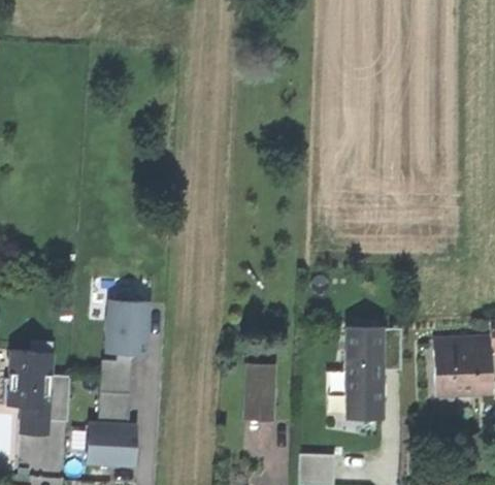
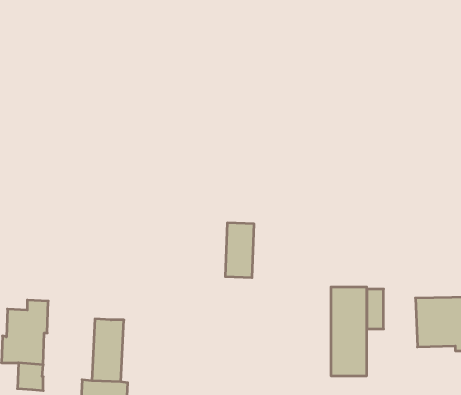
building: [103,301,148,356] -> none
building: [243,365,273,422] -> [225,223,254,278]
building: [46,376,70,422] -> none

